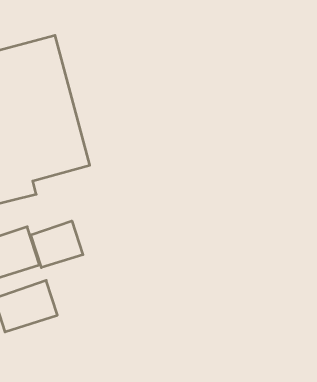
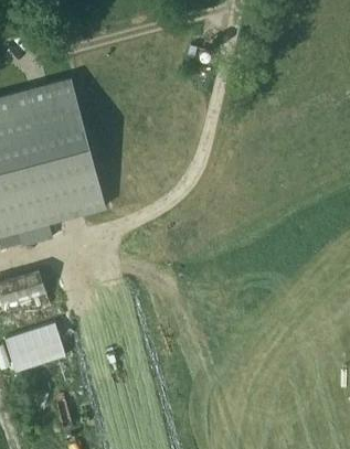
building: [31,221,83,268] -> none

